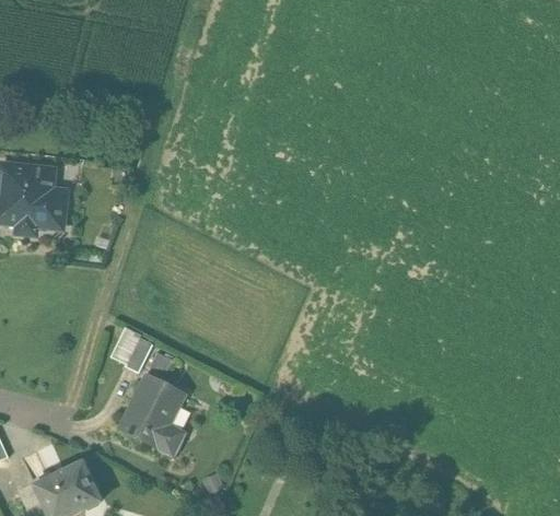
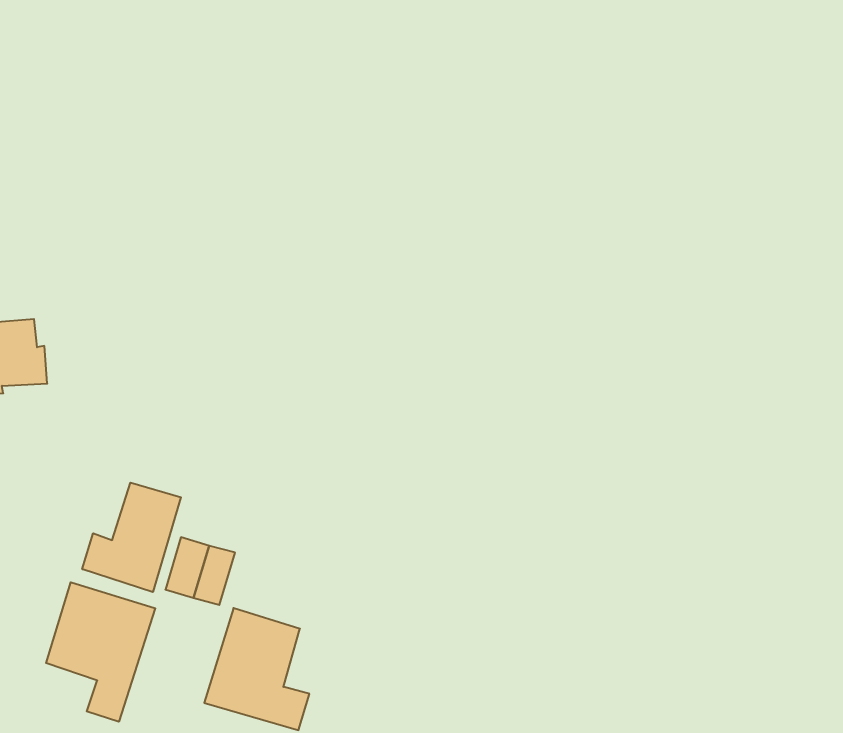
building: none -> [82,483,181,592]
building: none -> [46,582,155,722]

